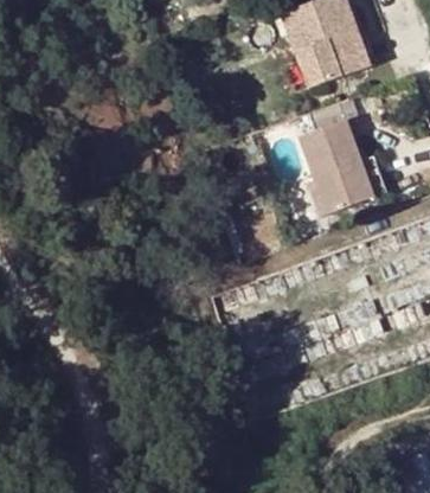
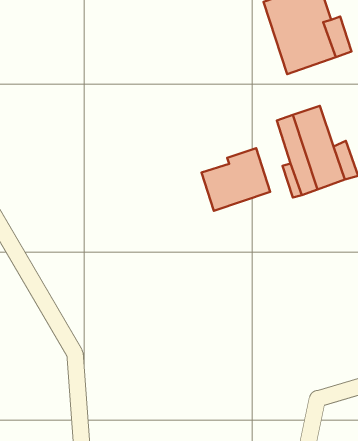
building: none -> [202,148,270,211]

